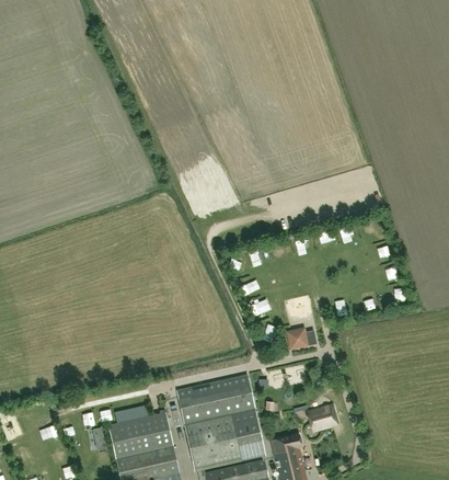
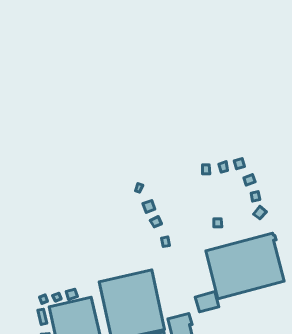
building: none -> [206,233,284,299]
building: [287,329,316,350] -> none

